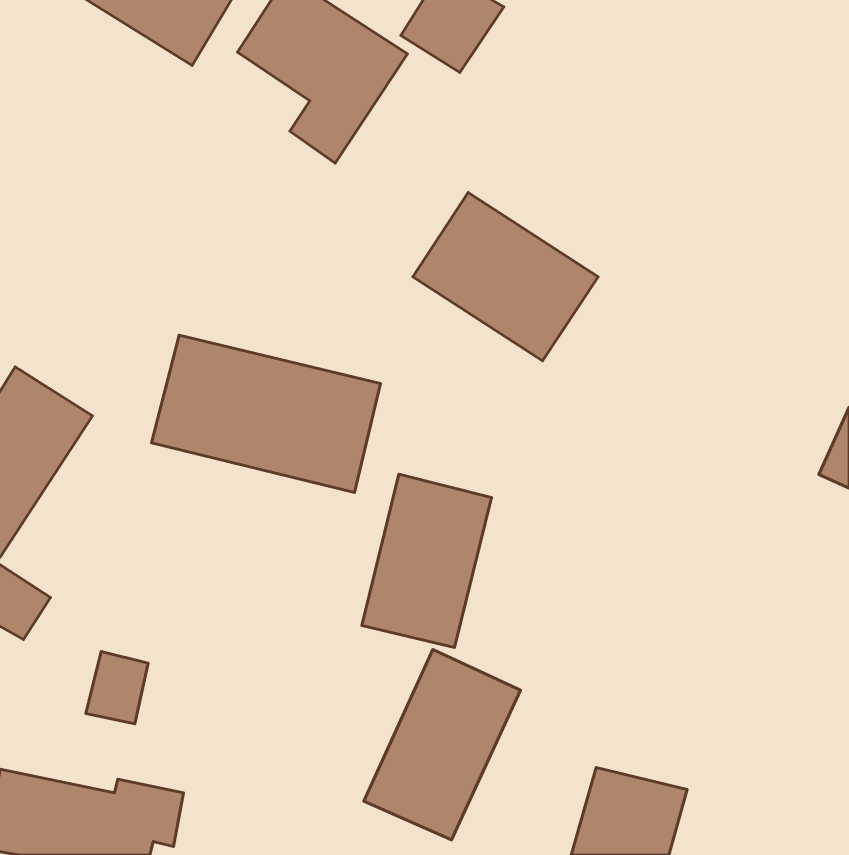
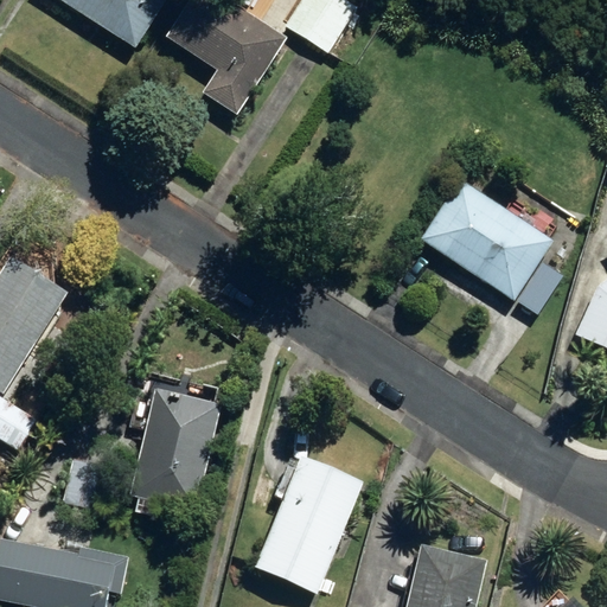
building: [413,193,598,361] -> [421,180,551,299]
building: [151,335,380,492] -> none
building: [362,474,492,647] -> [129,389,221,511]

